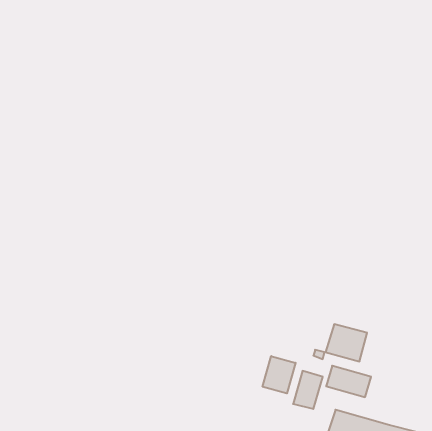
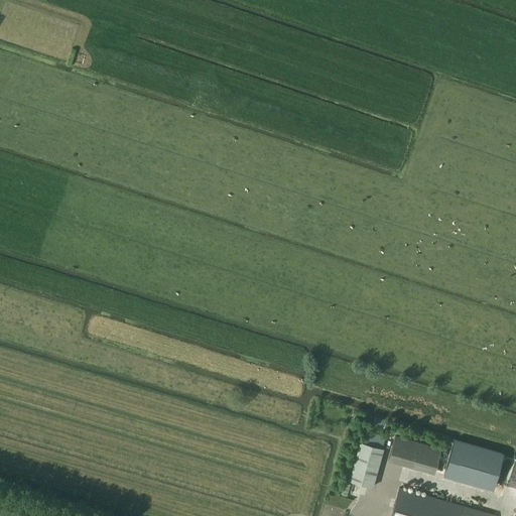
building: [326,324,367,361] -> [444,443,494,488]
building: [263,356,296,393] -> none

